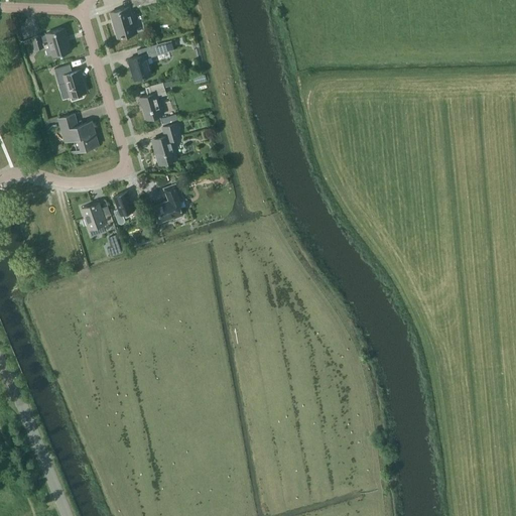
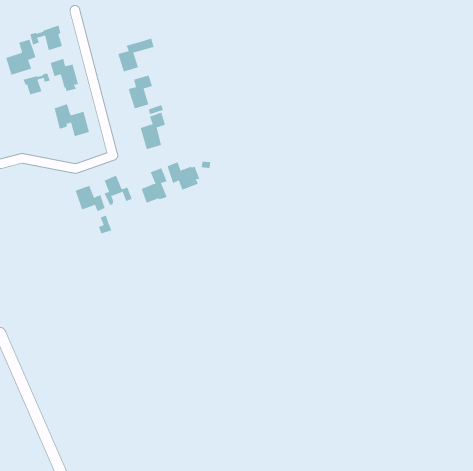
building: [110,8,136,37] -> none
building: none -> [5,39,36,75]
building: none -> [23,72,51,95]
building: none -> [167,162,200,190]

